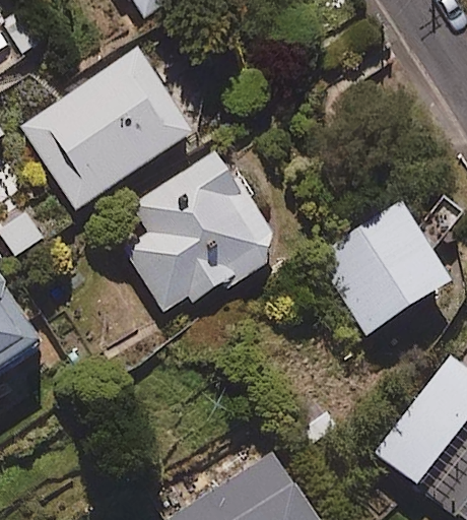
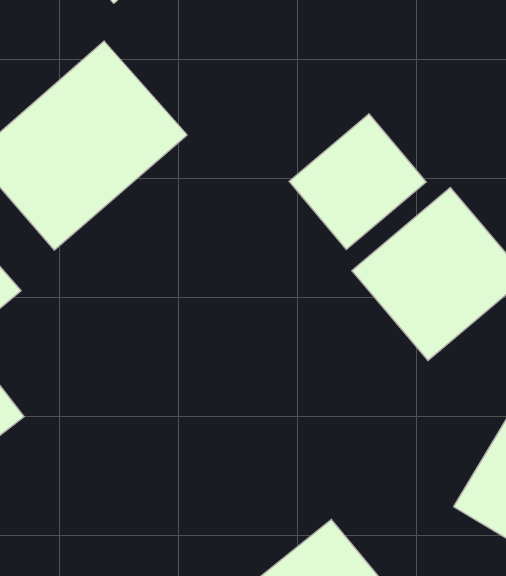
building: none -> [289,114,426,250]
building: [123,145,273,311] -> none

